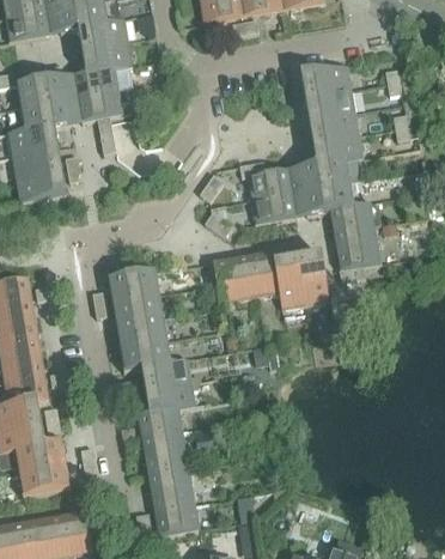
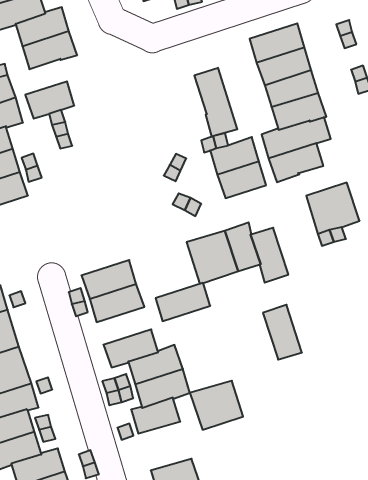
building: [74,67,120,97] -> none
building: none -> [194,68,237,137]
building: [329,200,374,231] -> none
building: [298,253,330,304] -> [263,305,302,360]
building: [116,316,167,347] -> [156,283,210,321]
building: [141,431,189,474] -> [190,381,243,430]

